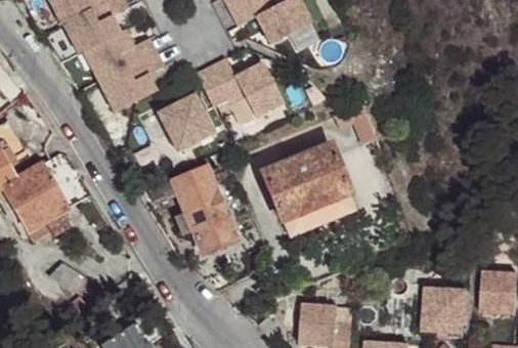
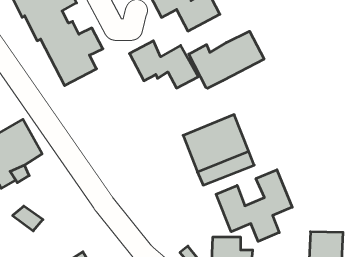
building: none -> [189,31,264,88]
building: [156,92,212,148] -> none
building: [175,166,236,251] -> none
building: none -> [216,170,292,241]

